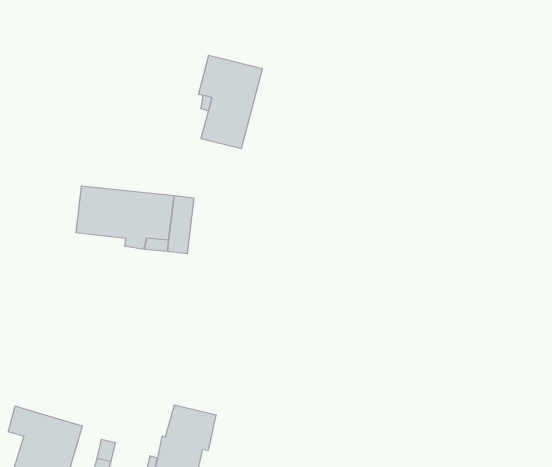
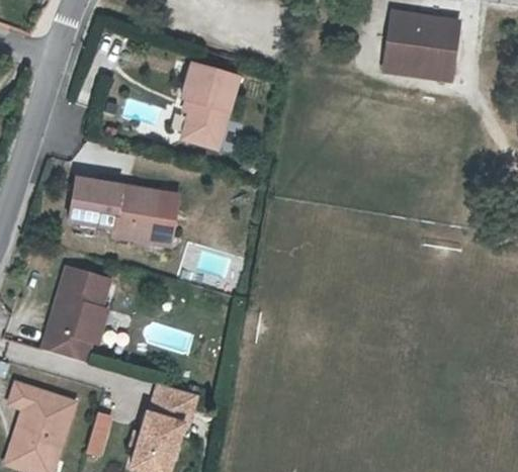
building: none -> [374,16,452,87]
building: none -> [44,268,108,362]

